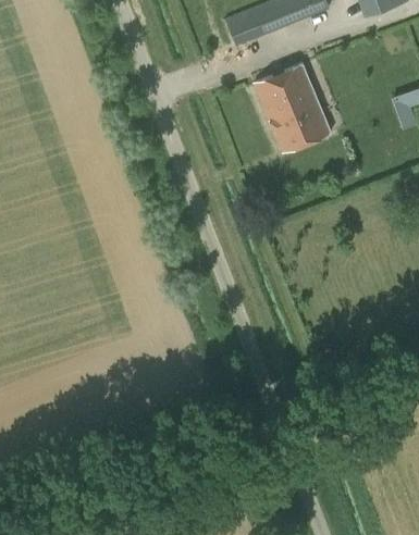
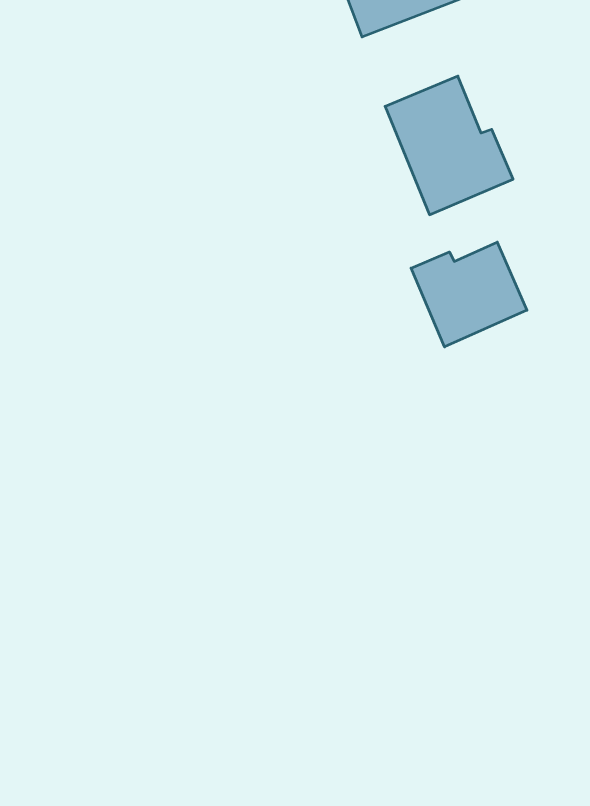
building: none -> [411,242,527,347]

